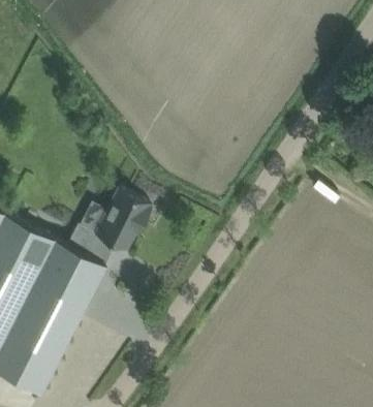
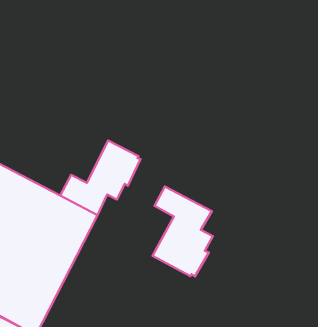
building: none -> [152,186,213,277]

